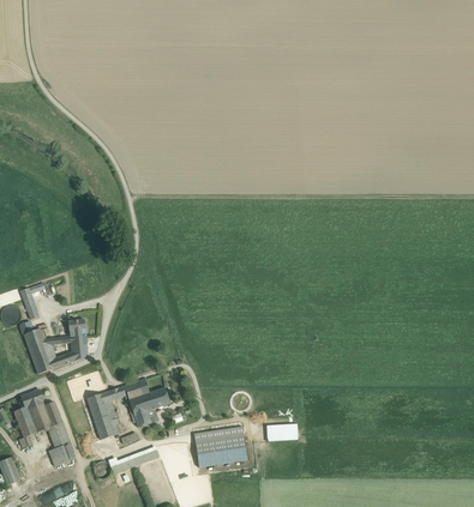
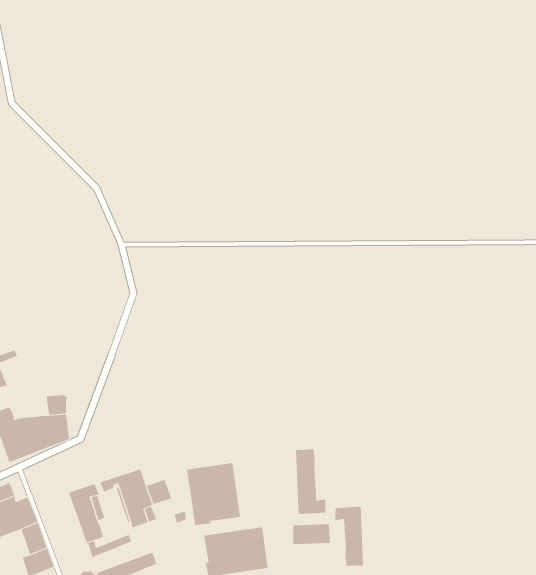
building: none -> [296,449,326,515]
building: none -> [187,462,241,526]
building: none -> [335,506,363,567]

